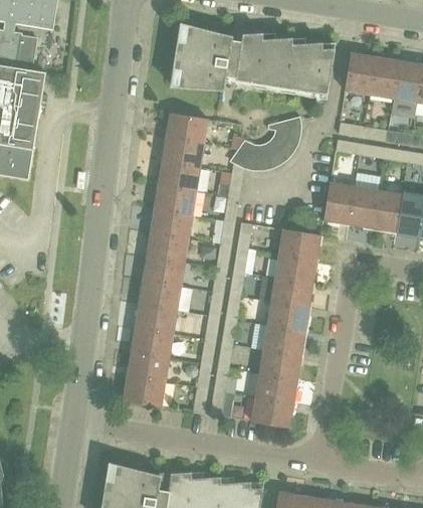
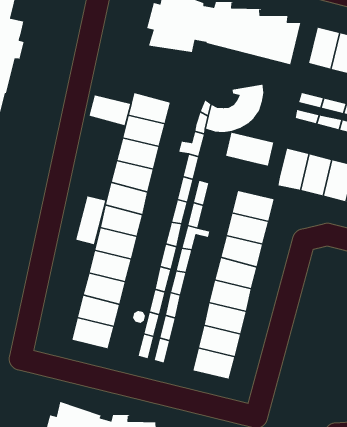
building: [166,114,209,144] -> [89,95,131,126]
building: none -> [225,132,274,167]
building: none -> [75,195,106,245]

